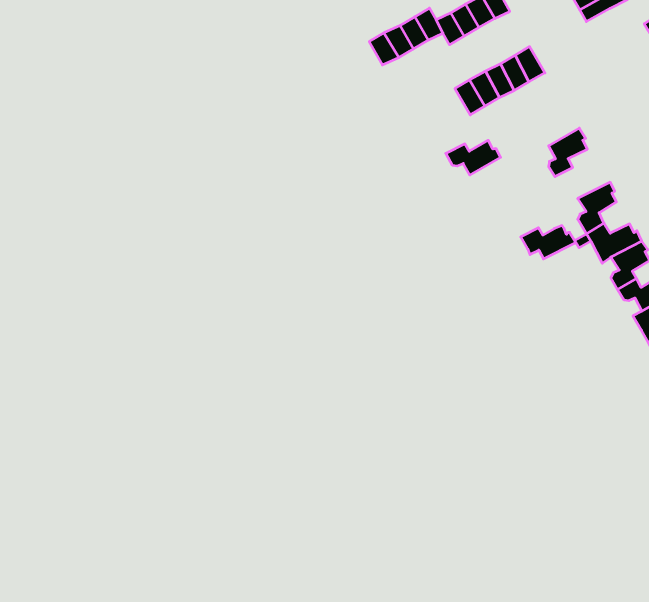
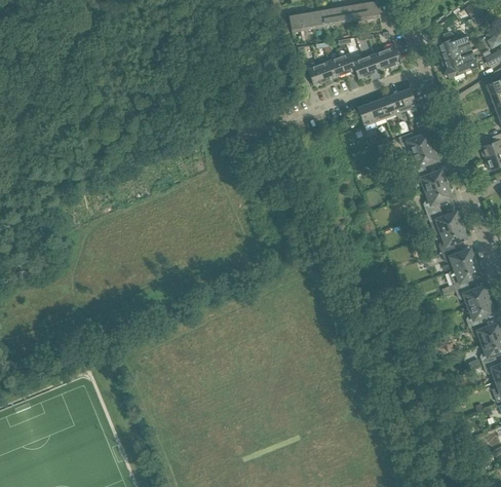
building: [446,140,501,175] -> [399,133,434,153]
building: [521,226,576,259] -> [414,170,449,190]

